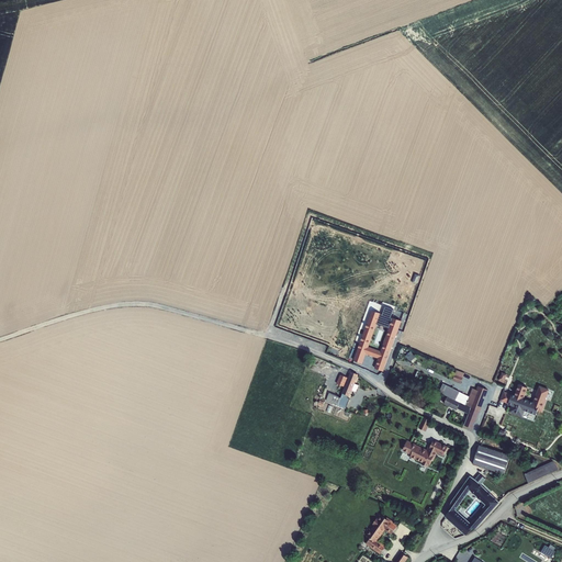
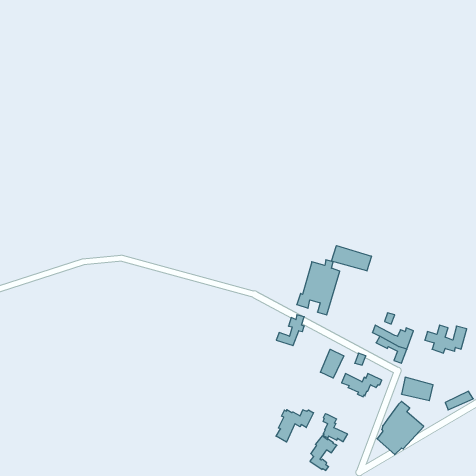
building: none -> [332,246,371,271]
building: none -> [320,349,344,378]
building: none -> [276,410,314,442]
building: none -> [323,414,347,442]

